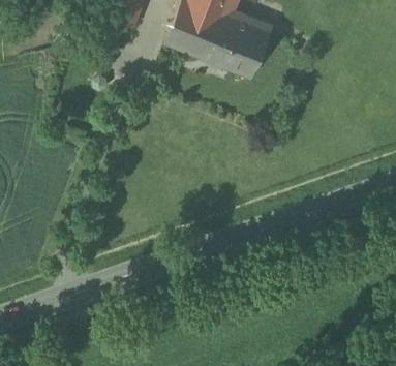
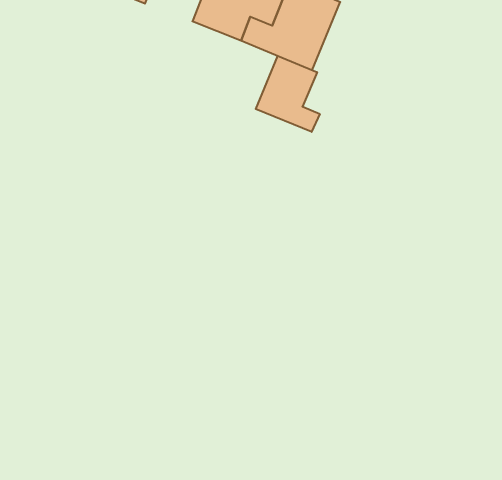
building: none -> [256,56,320,132]

